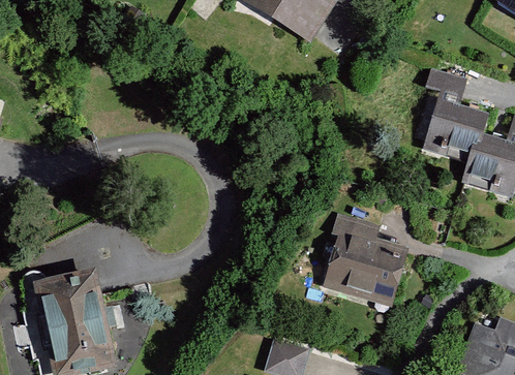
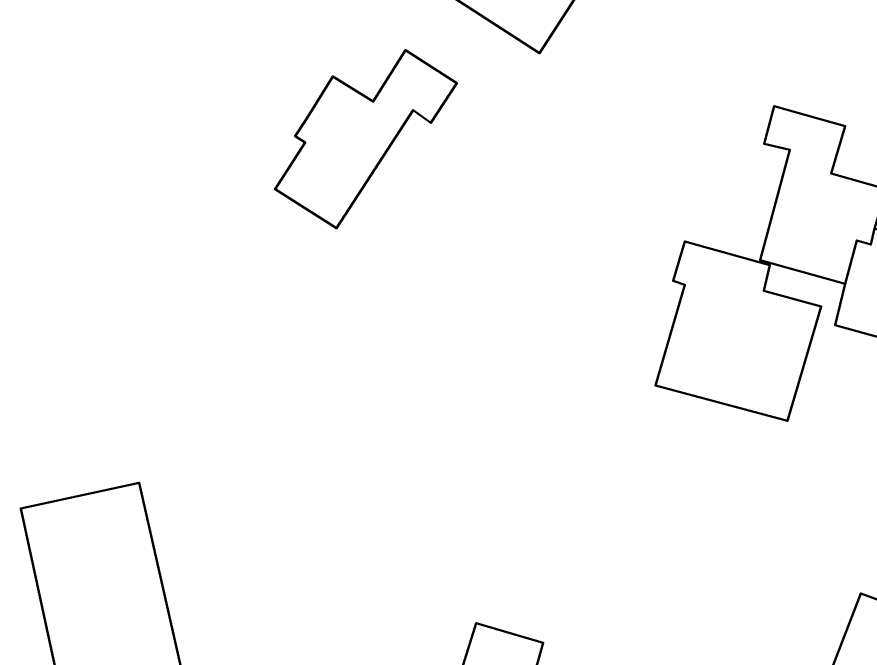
building: none -> [275,50,457,228]
building: [322,213,408,307] -> [655,241,821,421]

